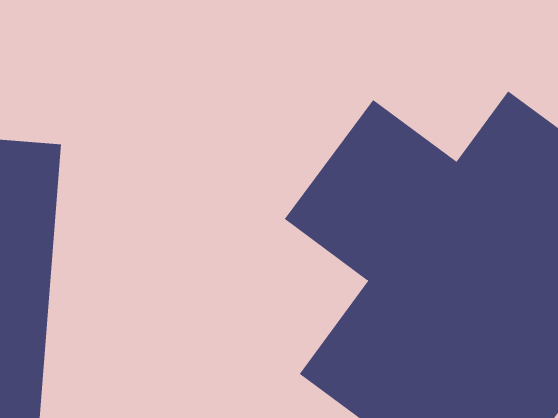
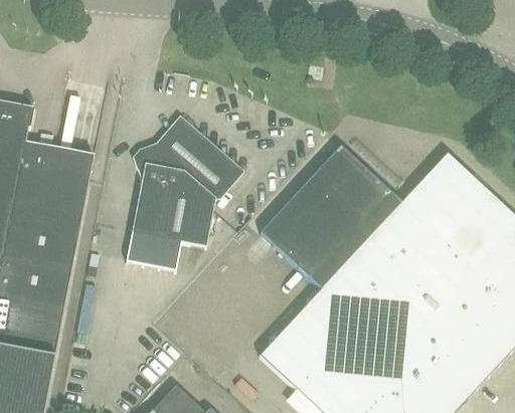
building: none -> [126,120,238,269]

